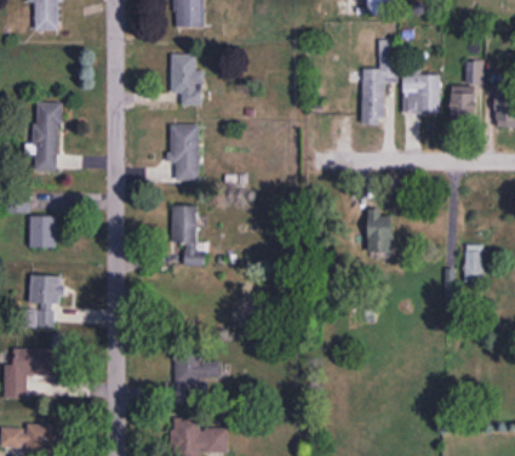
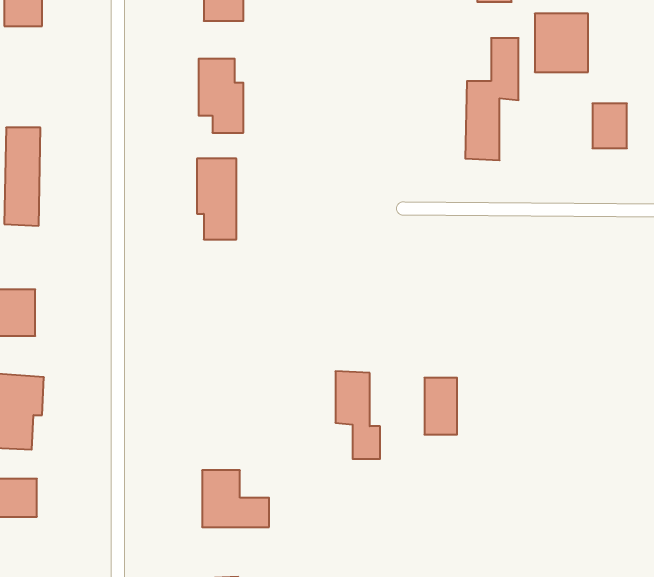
building: [401,72,439,113] -> [535,14,588,72]
building: [173,205,205,267] -> [335,371,380,459]
building: [368,213,391,253] -> [424,378,457,435]
building: [464,244,485,285] -> none

